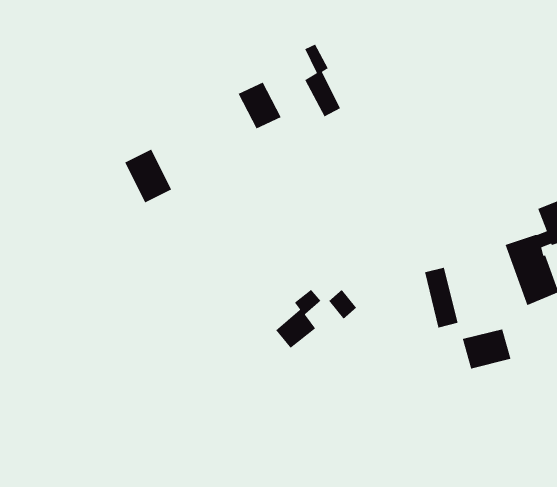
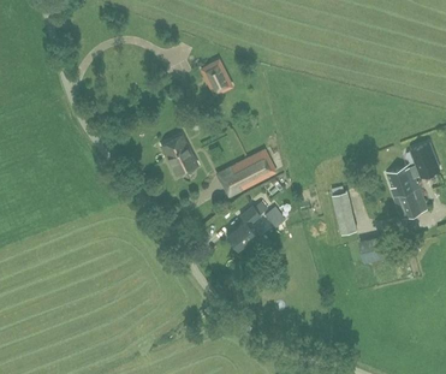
building: [304,44,341,117] -> none
building: [124,149,172,203] -> [162,136,196,174]
building: none -> [216,148,276,196]

